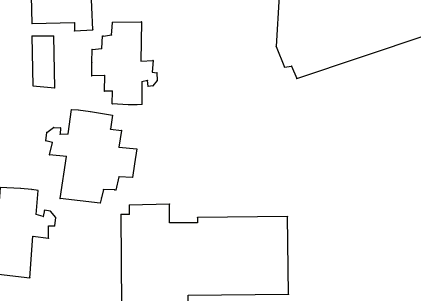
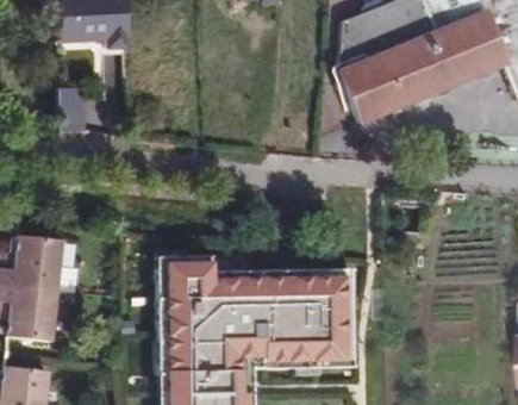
building: [92,22,157,105] -> none
building: [46,110,137,203] -> none

